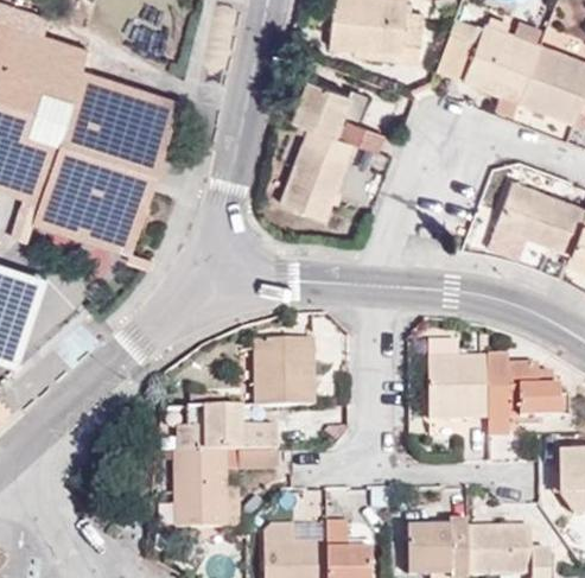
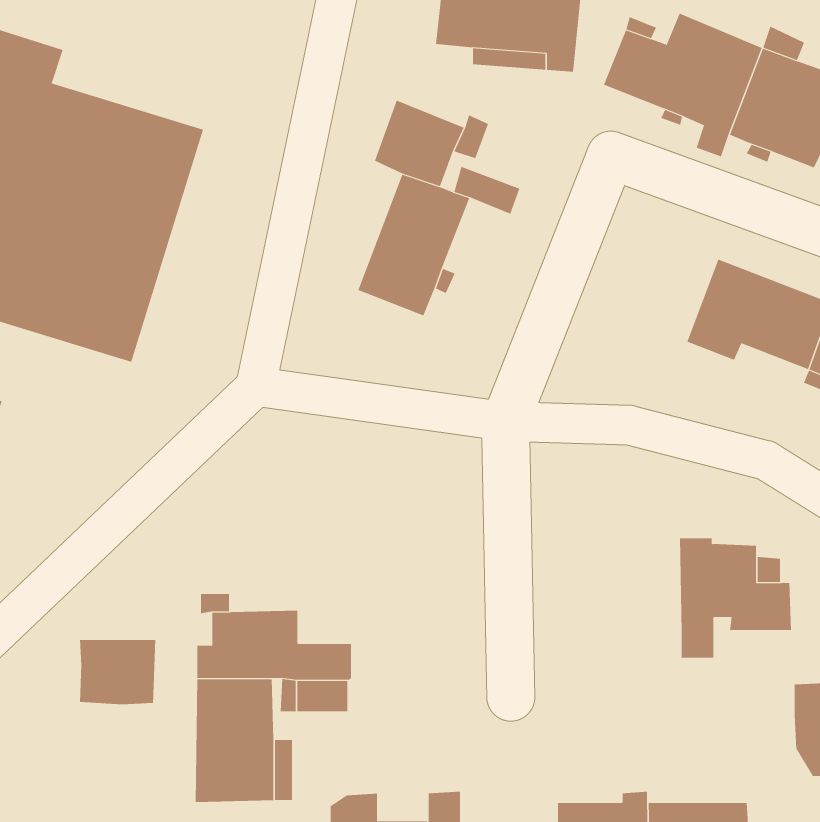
building: [254,341,313,406] -> none
building: [427,360,487,420] -> none
building: none -> [80,639,156,705]

